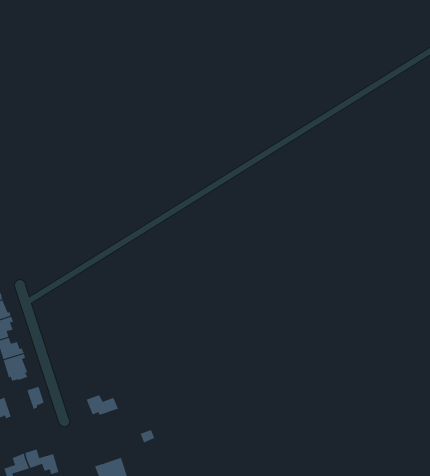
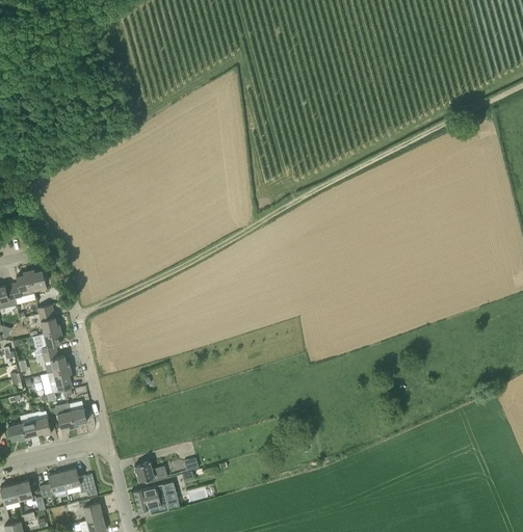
building: none -> [50,403,75,429]
building: [86,394,119,416] -> [134,461,167,483]

